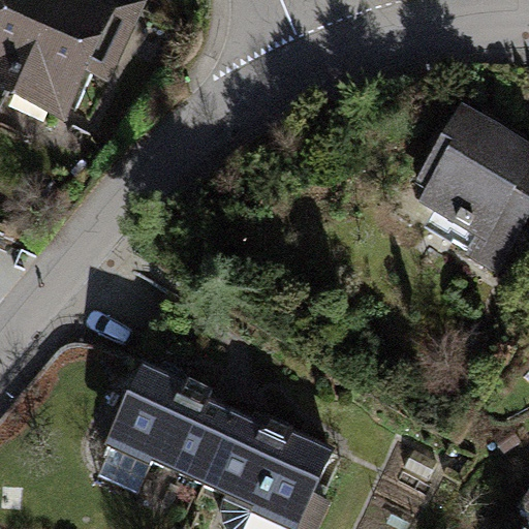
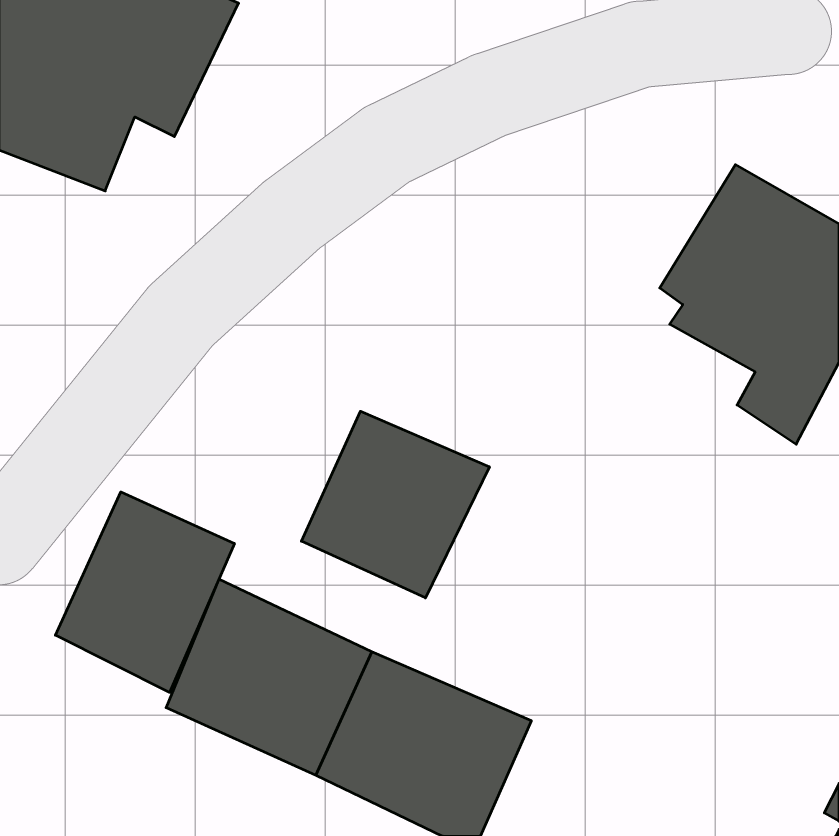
building: none -> [301,411,489,598]
building: none -> [55,492,234,692]

